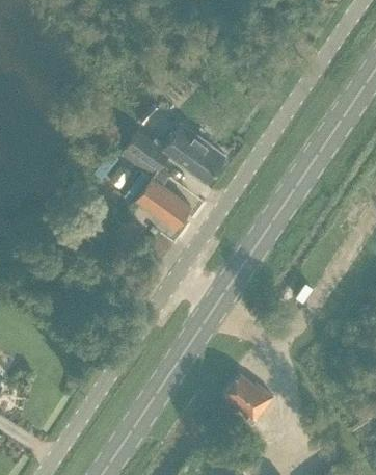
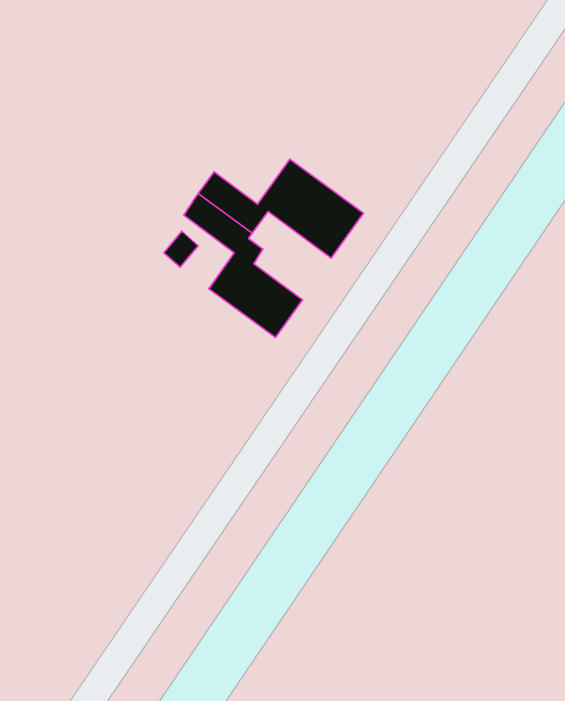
building: [224,376,273,422] -> none

